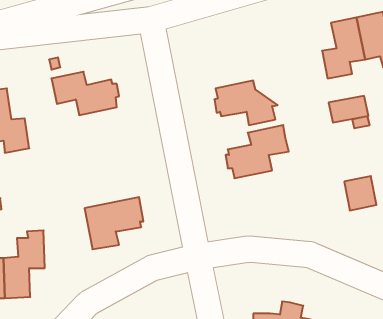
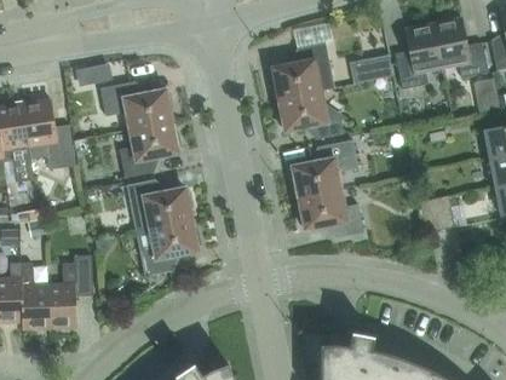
building: none -> [269,42,334,98]
building: [329,96,368,123] -> [349,53,392,82]
building: none -> [119,120,180,177]
building: none -> [126,179,195,230]
building: none -> [297,189,363,237]

